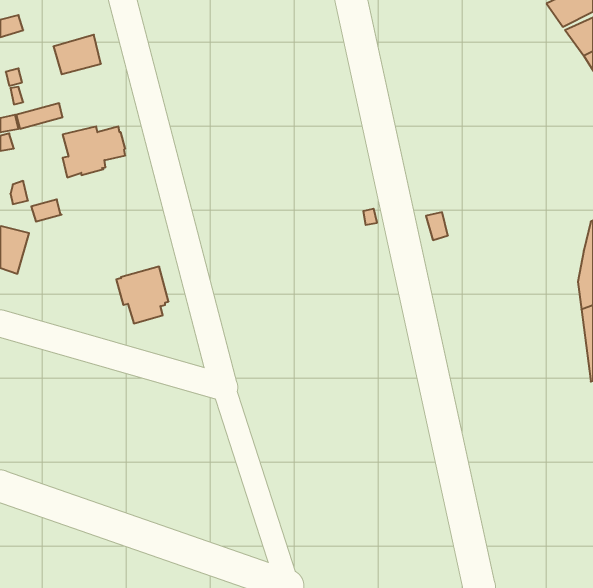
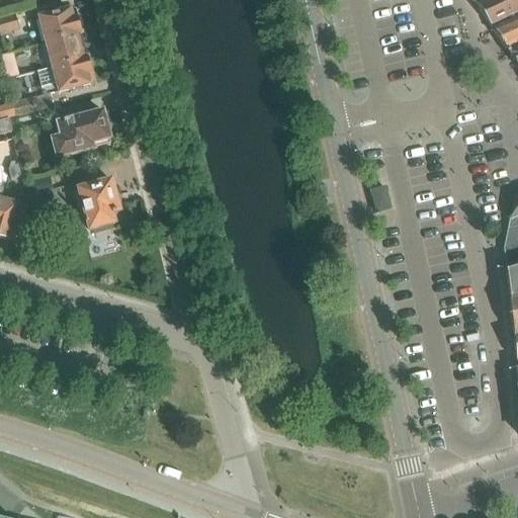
building: none -> [40,6,82,40]
building: none -> [39,56,95,90]
building: [116,267,169,323] -> [75,178,120,228]

